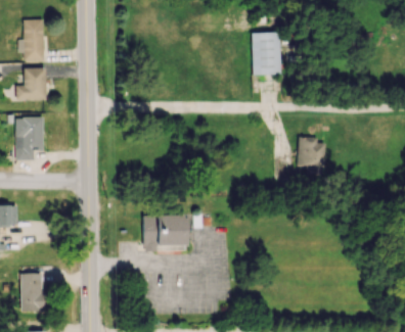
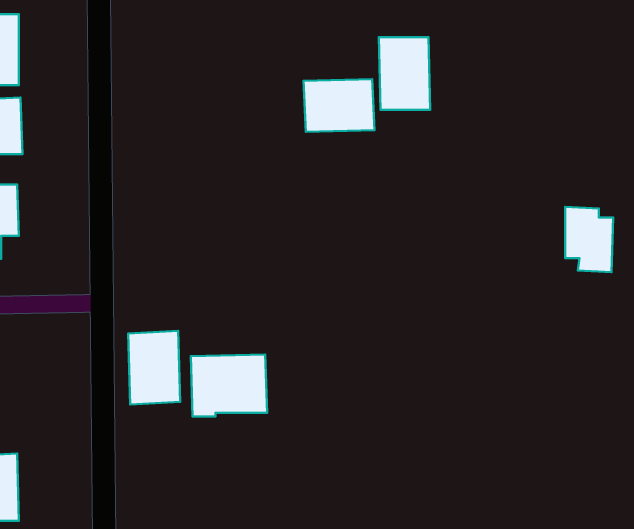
building: none -> [303,79,375,132]
building: [298,137,325,175] -> [565,207,613,272]
building: none -> [128,331,180,404]

